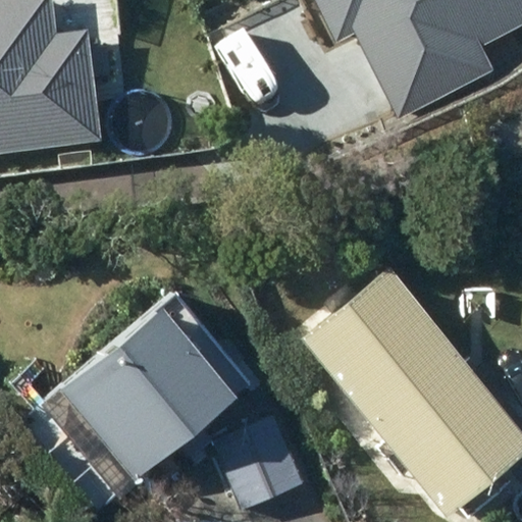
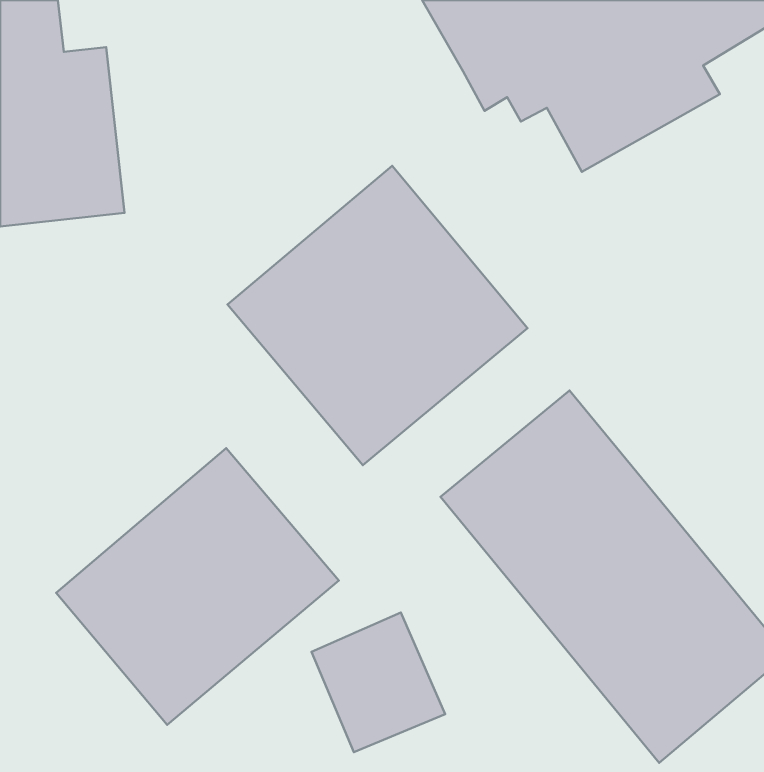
building: none -> [228,166,527,465]

